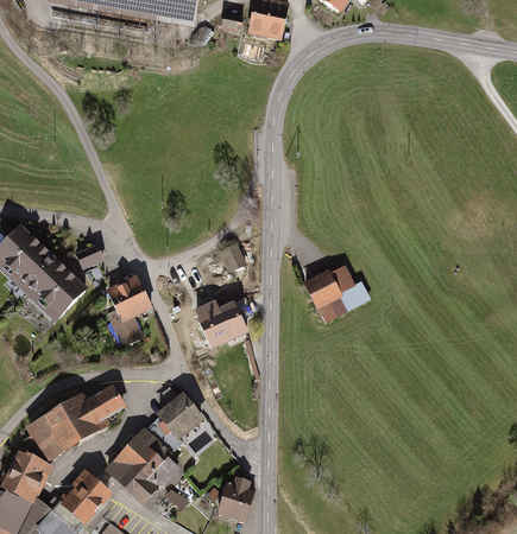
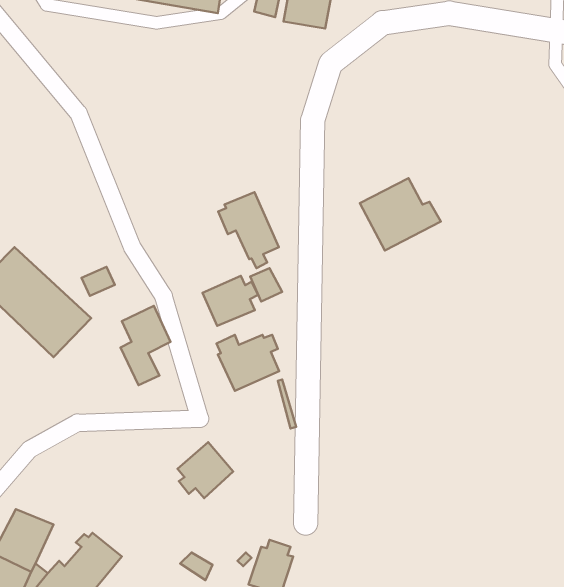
building: none -> [218,192,279,268]
building: none -> [202,276,258,326]
building: [300,261,368,323] -> [360,178,441,251]
building: [26,381,126,459] -> none
building: [106,426,181,503] -> none

